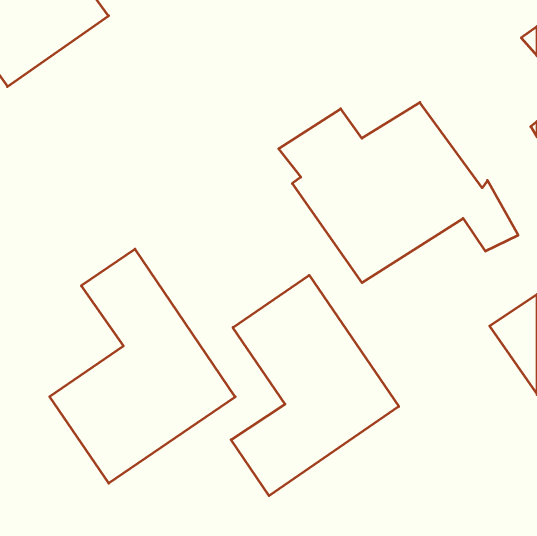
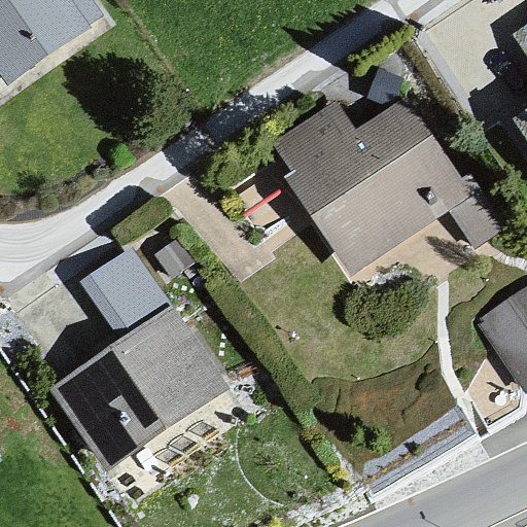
building: [231,275,399,496] -> none

